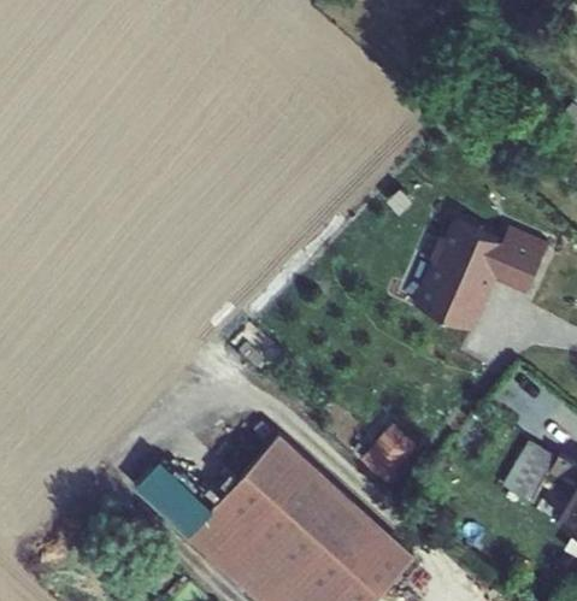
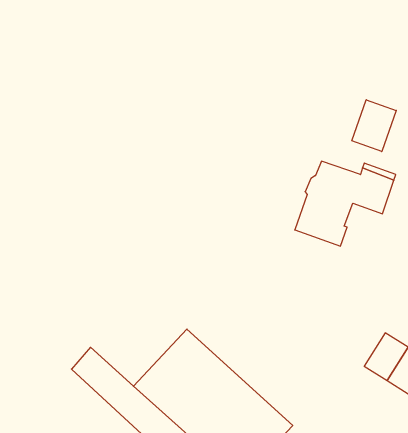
building: none -> [352,100,396,152]
building: [363,425,418,483] -> none

